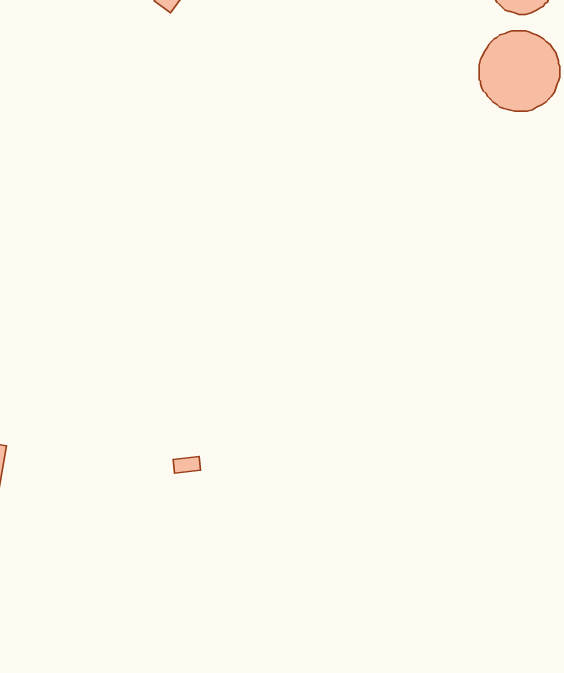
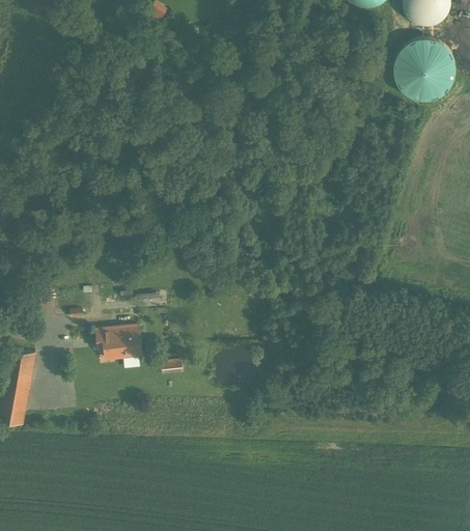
building: none -> [98,326,143,360]

